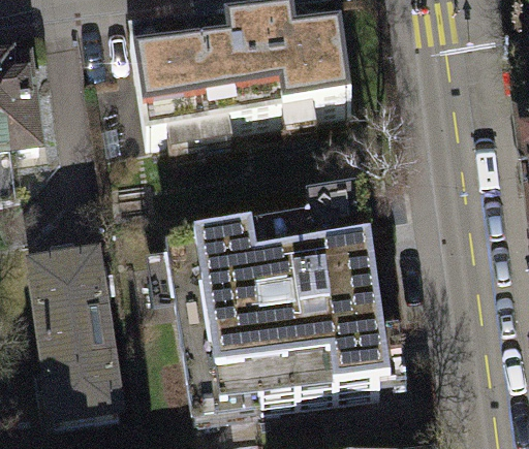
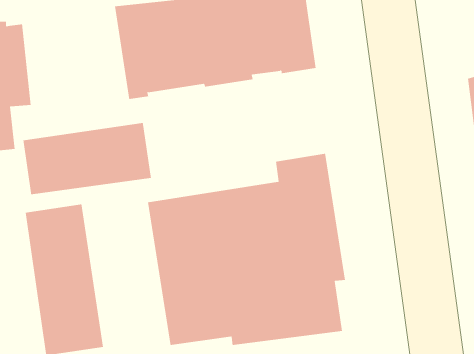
building: none -> [23,122,151,195]

